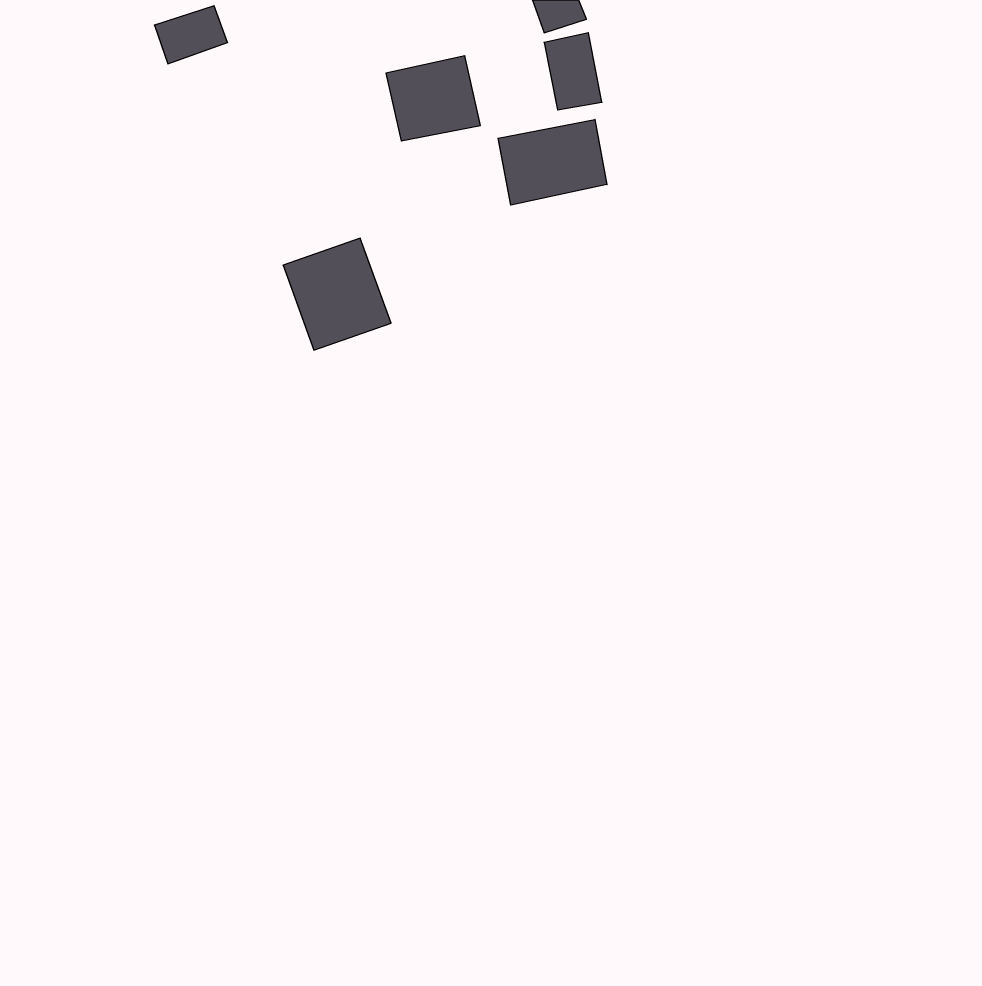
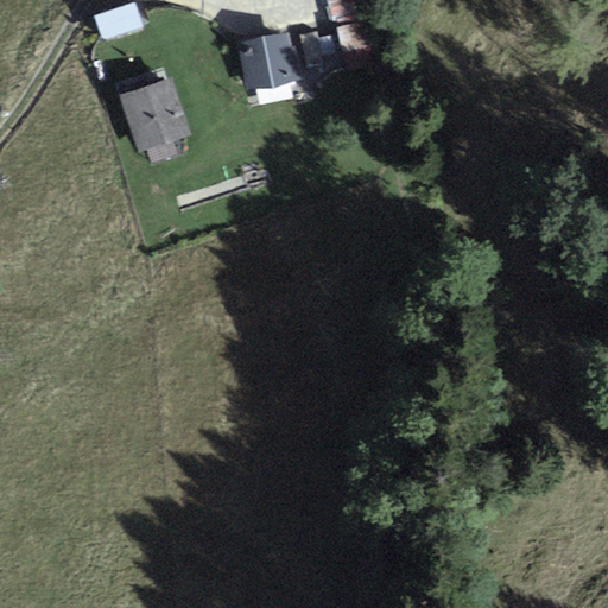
building: [498,119,607,205] -> none
building: [283,238,391,350] -> [121,80,188,148]

